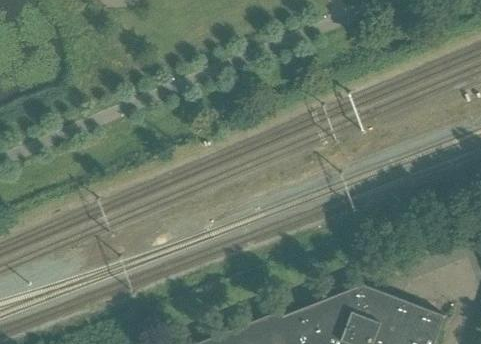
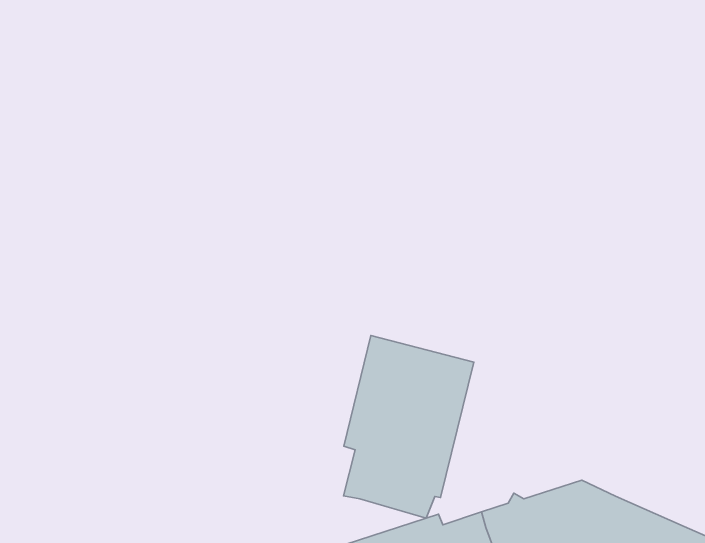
building: none -> [343,336,474,518]

